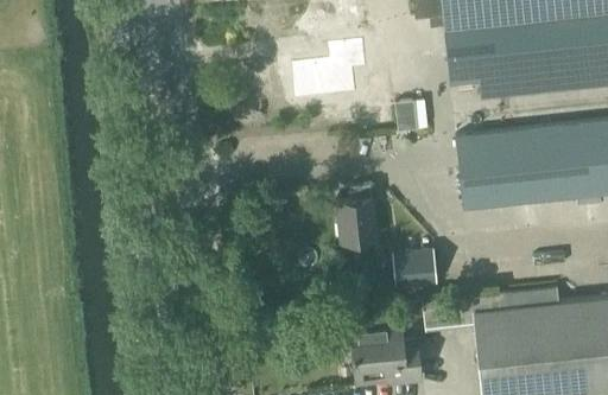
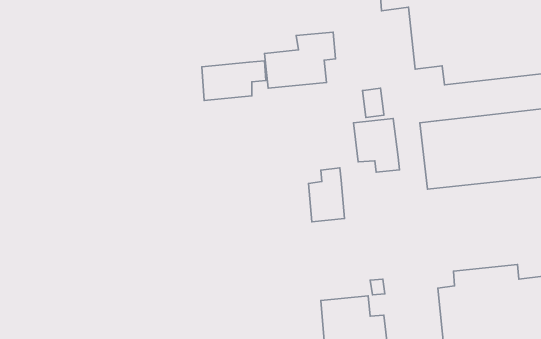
building: none -> [202,61,266,100]
building: none -> [353,119,400,172]
building: [391,248,432,286] -> none

